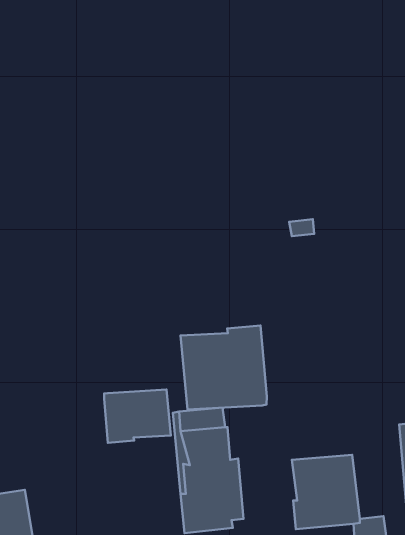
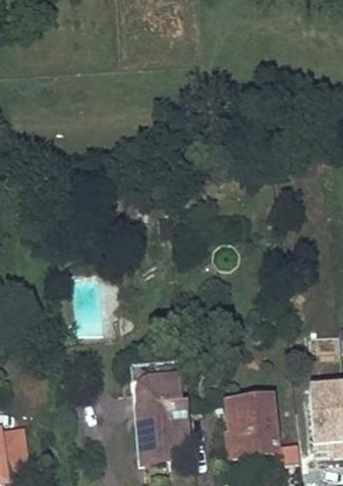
building: [181,326,267,410] -> none
building: [104,389,171,443] -> none

